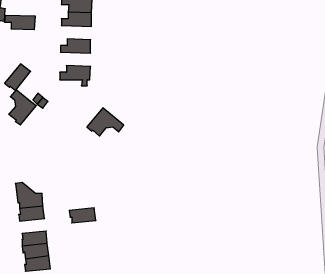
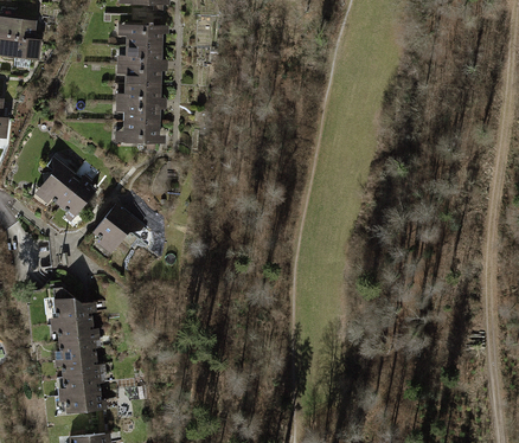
building: [4,15,35,30] -> [117,64,161,84]
building: none -> [117,102,160,122]
building: [5,64,31,91] -> [60,178,97,216]
building: [87,108,124,136] -> [94,204,146,244]
building: [69,208,96,223] -> [59,338,97,359]

